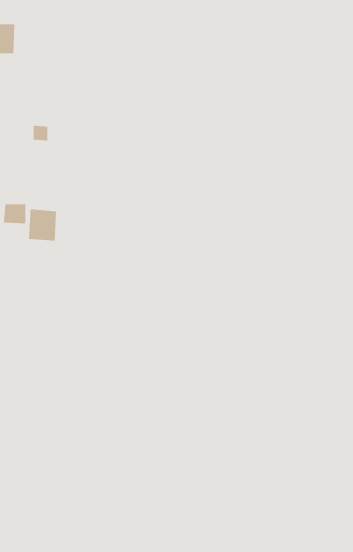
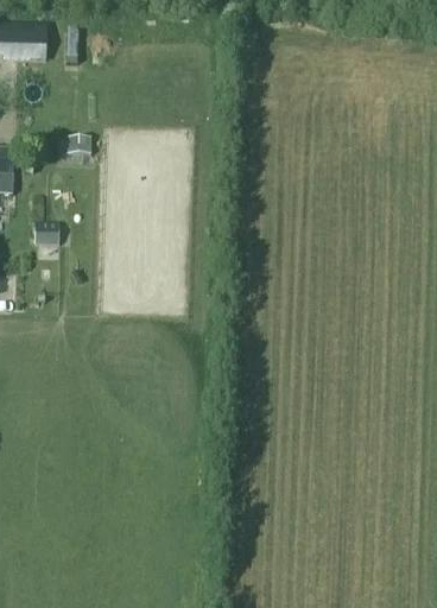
building: [28,209,57,242] -> none

